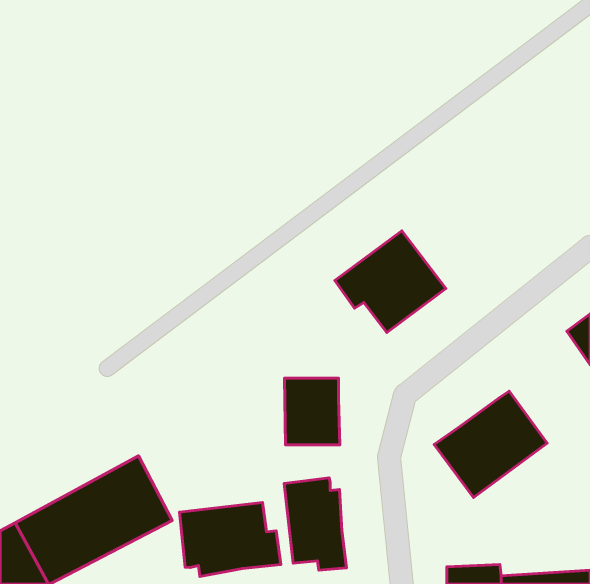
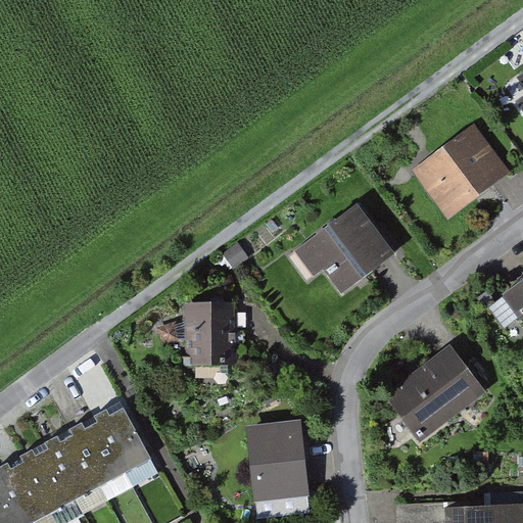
building: none -> [415,126,508,216]
building: [284,378,340,445] -> [186,301,235,361]
building: [179,502,281,577] -> none

